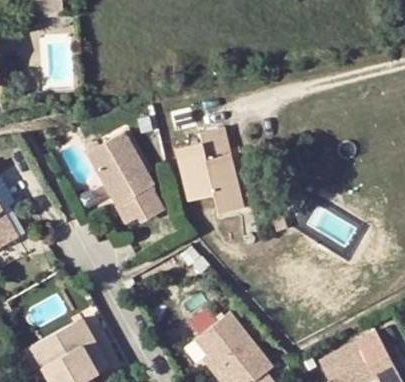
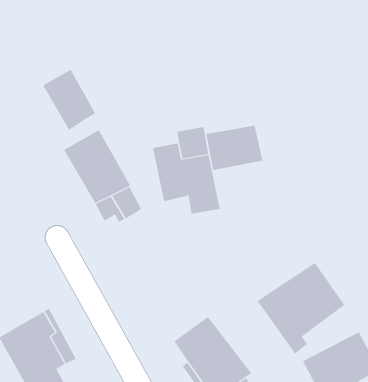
building: none -> [42,69,96,130]
building: none -> [206,125,263,171]
building: none -> [257,262,345,355]

